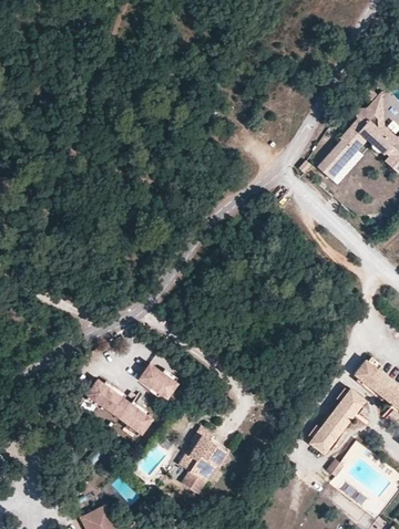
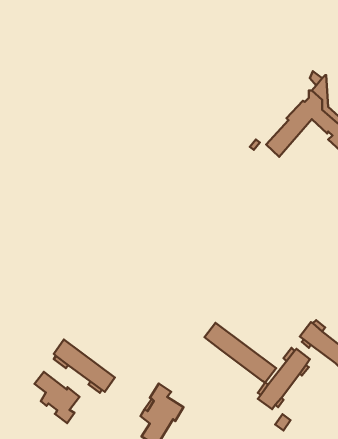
building: none -> [204,323,276,383]
building: [139,363,178,400] -> none
building: none -> [34,372,79,423]

